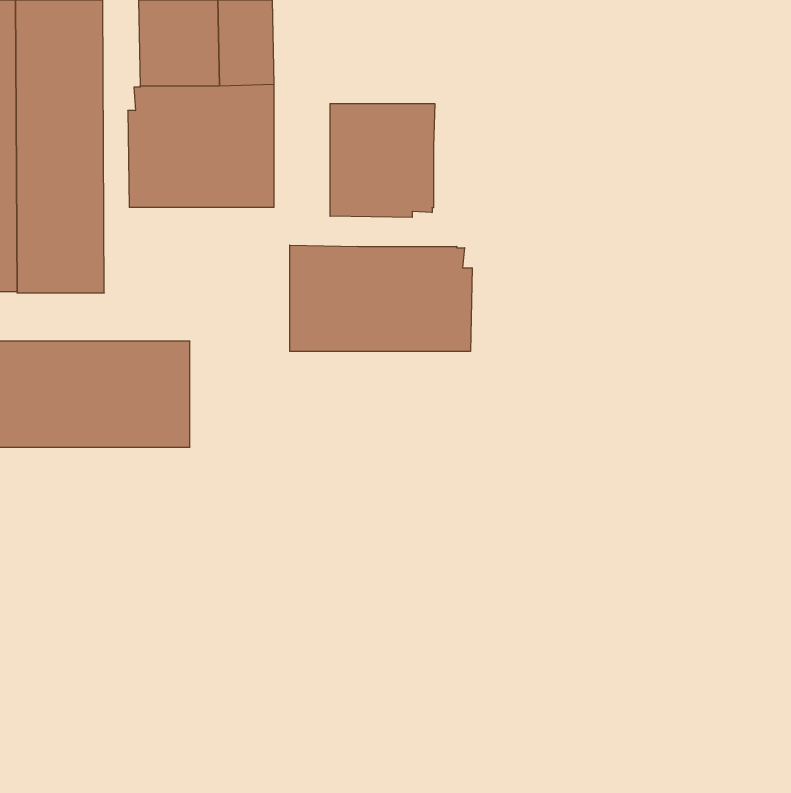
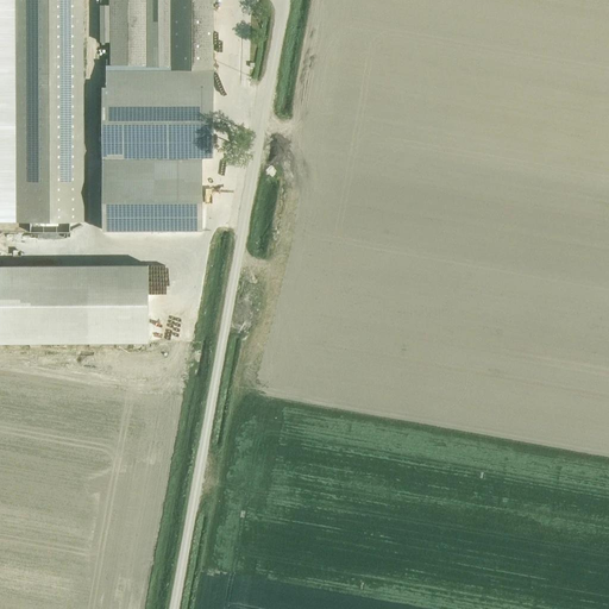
building: [330,104,435,217] -> none
building: none -> [99,161,199,232]
building: [290,245,472,351] -> none

